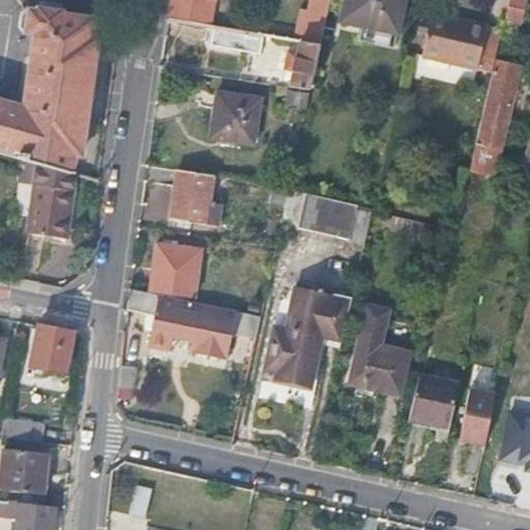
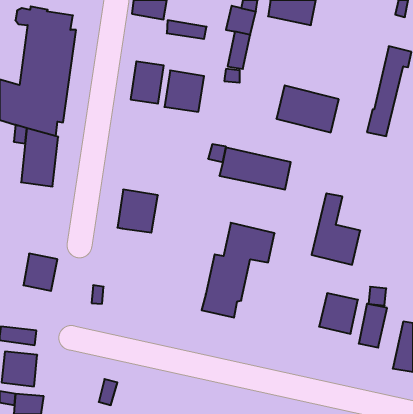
building: [423,10,503,70] -> [276,85,339,132]
building: [171,170,213,224] -> [131,61,164,104]
building: [125,287,261,358] -> none
building: [349,304,411,395] -> [312,193,360,265]

